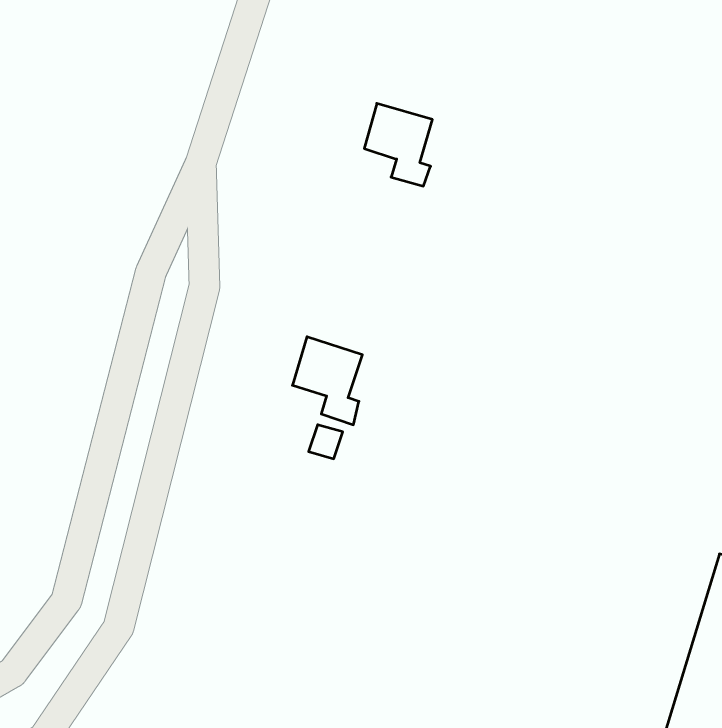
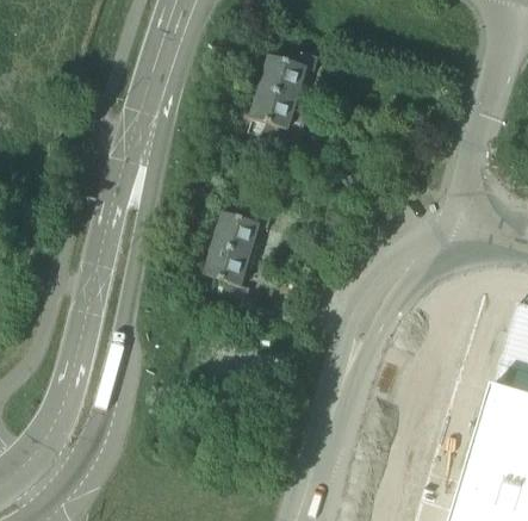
building: none -> [261,44,319,100]
building: none -> [215,209,272,256]

